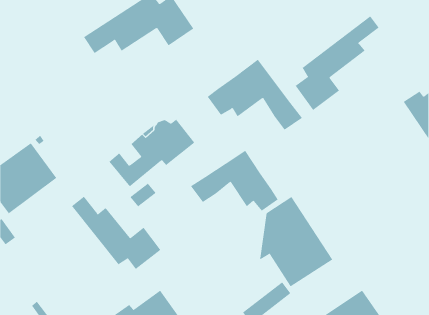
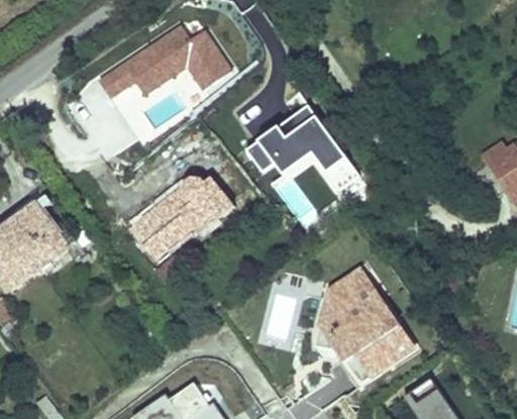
building: [295,16,380,111] -> none
building: [190,150,279,211] -> none
building: [71,196,161,270] -> none

